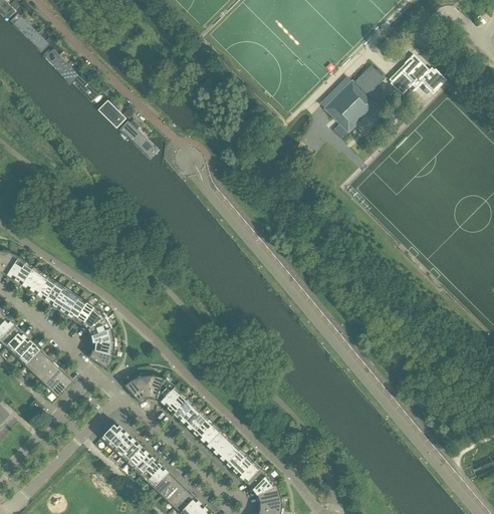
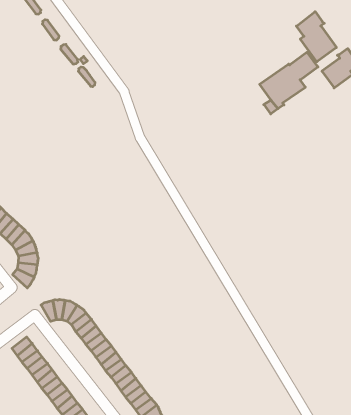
building: none -> [296,12,336,62]

